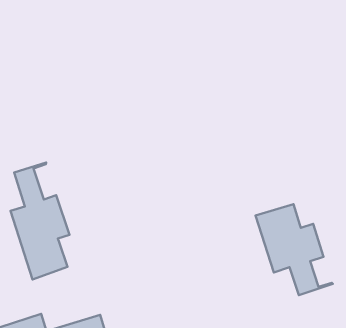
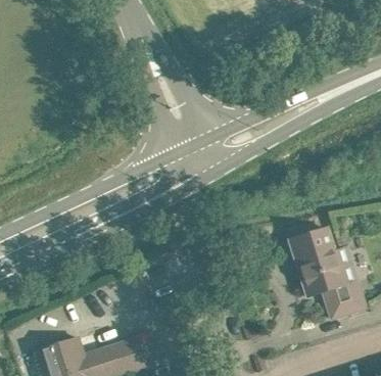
building: [10,162,70,280] -> none

